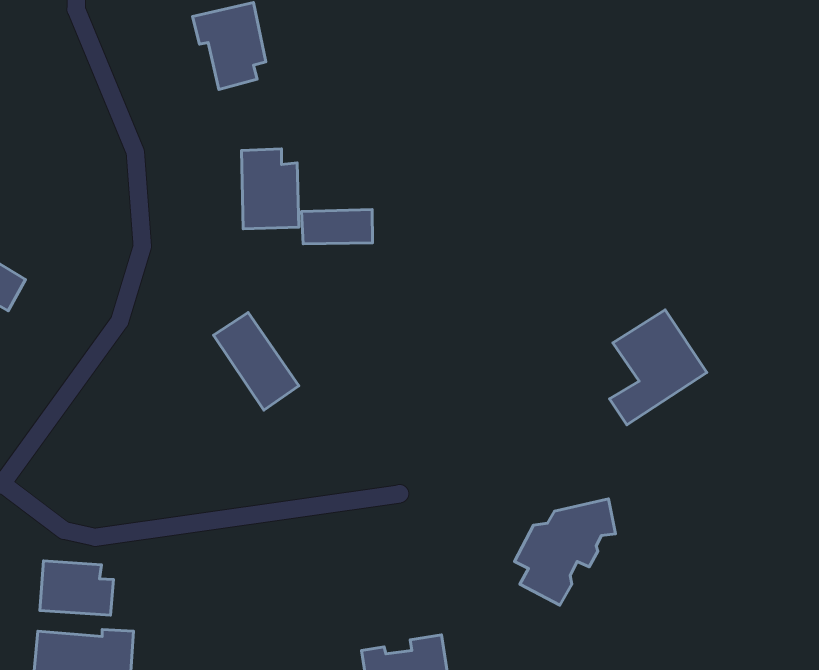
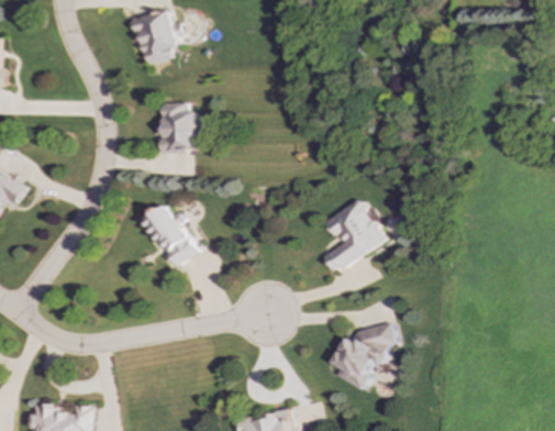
building: [302,210,372,244] -> none
building: [610,310,707,425] -> [324,198,386,270]
building: [40,561,114,615] -> none

